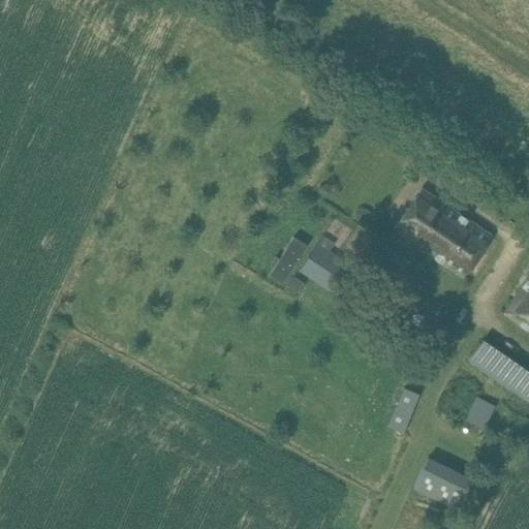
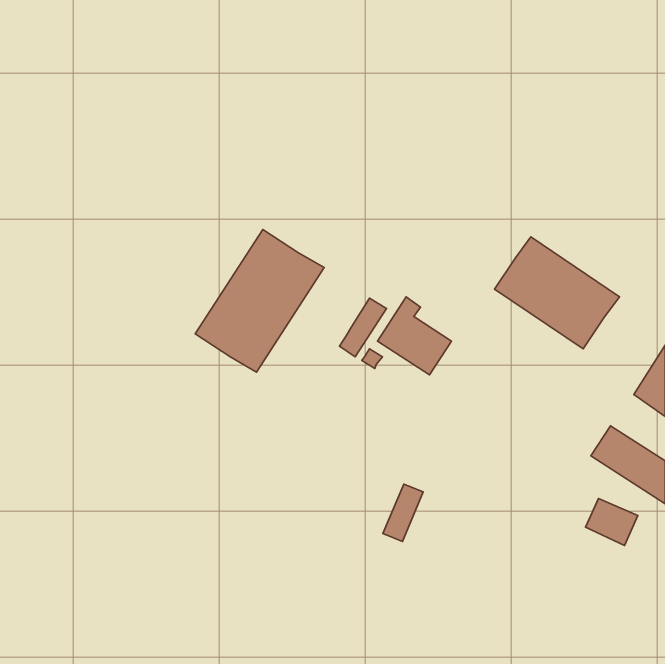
building: none -> [195,229,324,372]
building: [387,388,419,434] -> [383,484,423,541]
building: [414,455,472,508] -> none

